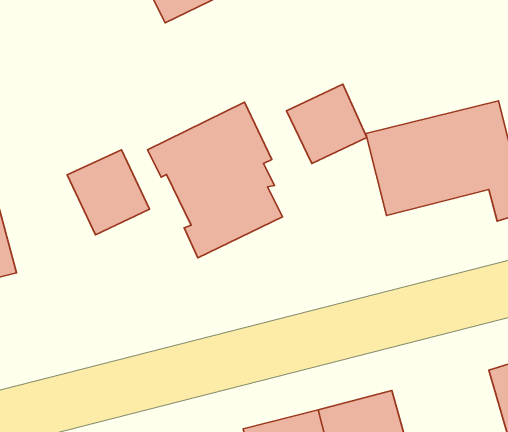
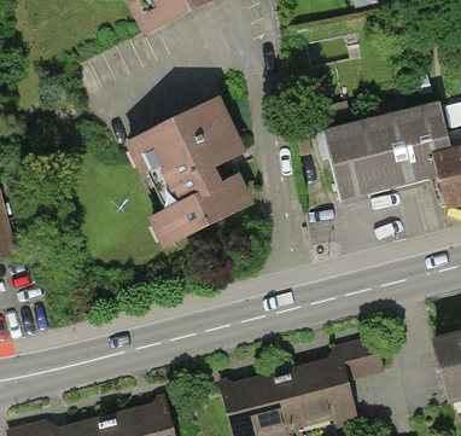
building: [287,84,367,164] -> none
building: [67,150,150,235] -> none

